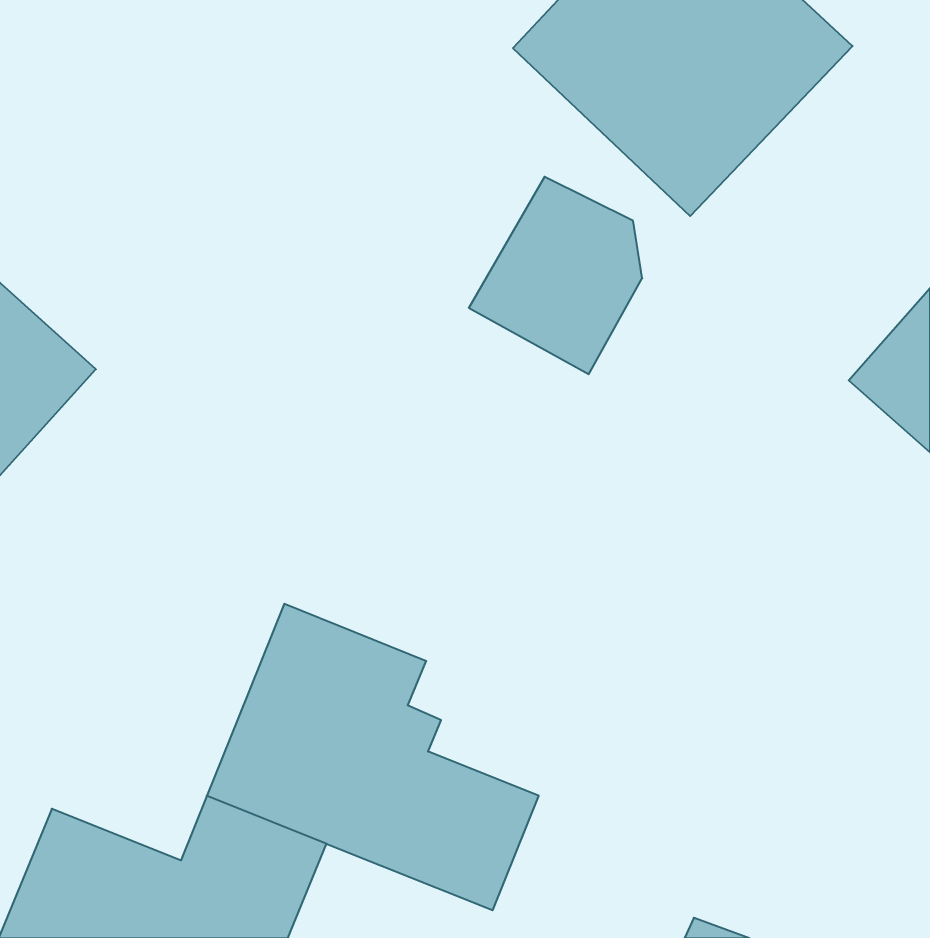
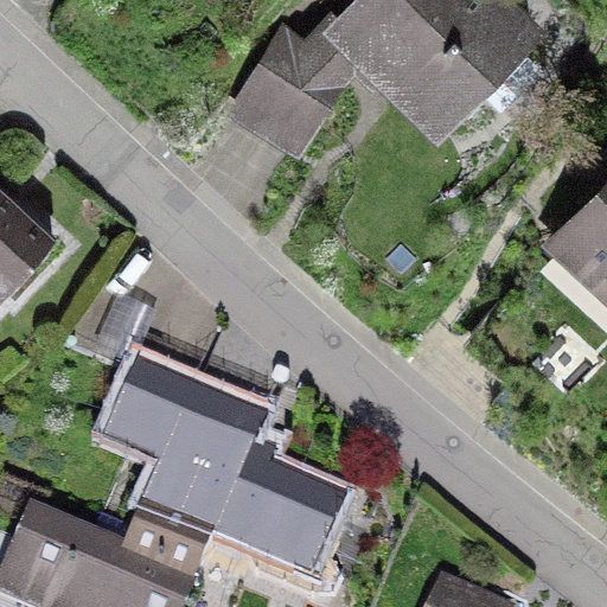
building: [469,177,642,374] -> [228,25,339,152]
building: none -> [98,365,183,461]

